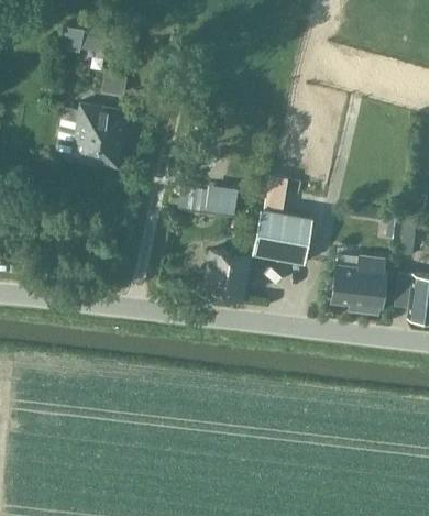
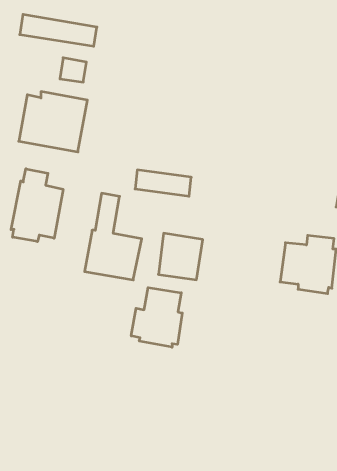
building: [253,174,312,264] -> [85,193,142,280]
building: none -> [11,169,63,242]
building: none -> [131,288,182,347]

